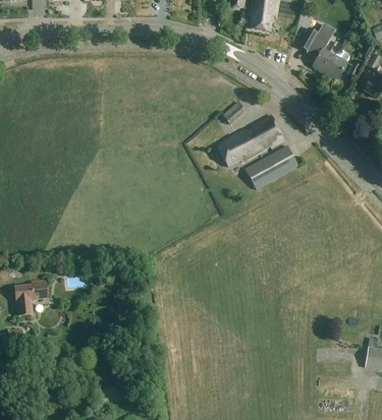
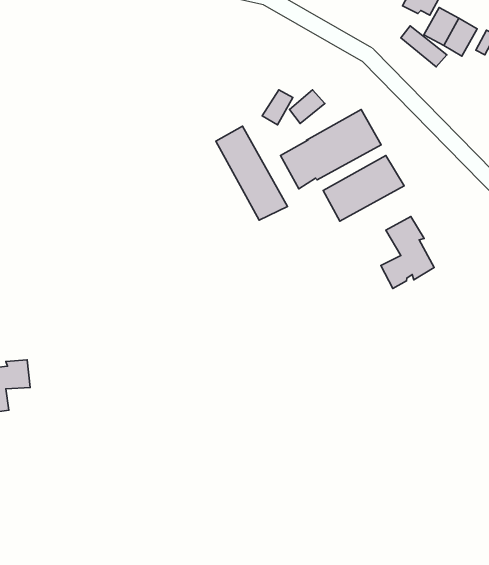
building: none -> [216,126,287,220]
building: none -> [381,216,434,289]

